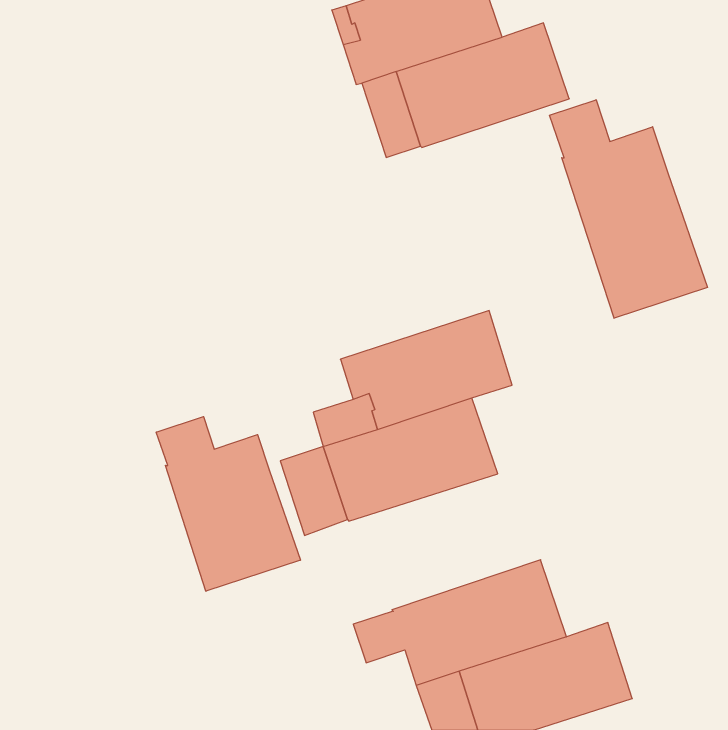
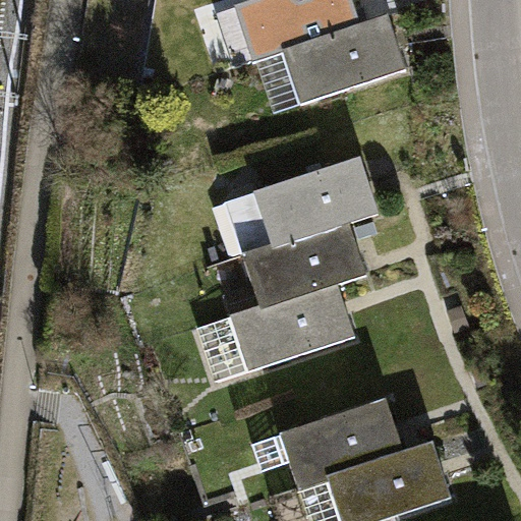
building: [549,100,707,318] -> none
building: none -> [230,158,377,255]
building: [156,417,300,591] -> none

